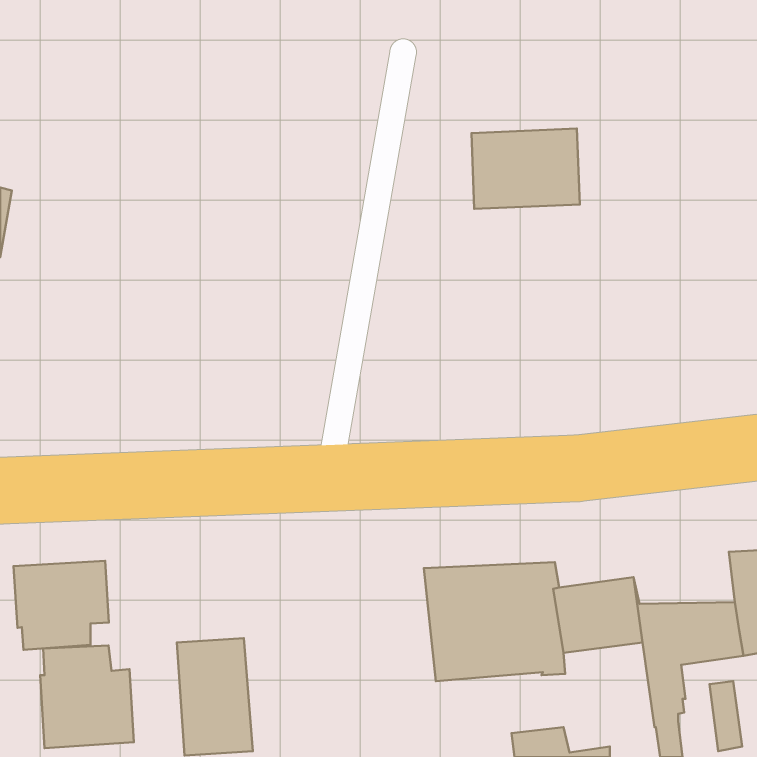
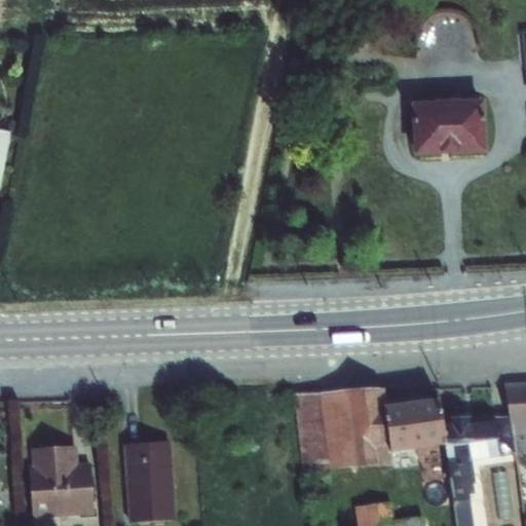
building: [471,129,580,209] -> [412,100,487,155]
building: [14,561,109,650] -> none

